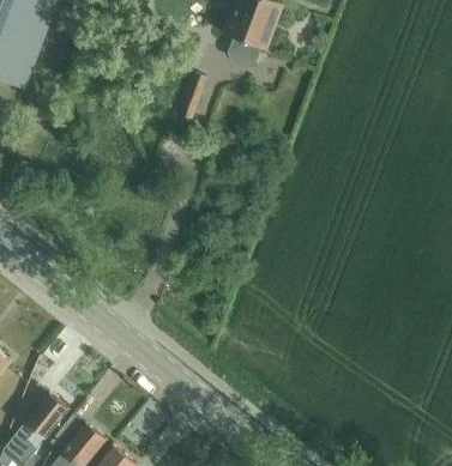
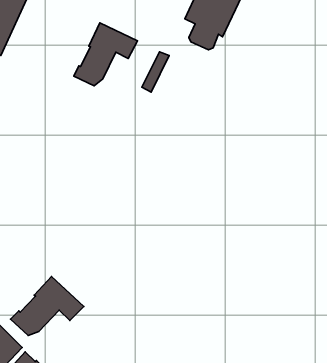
building: none -> [74,23,138,86]
building: none -> [11,276,84,336]

